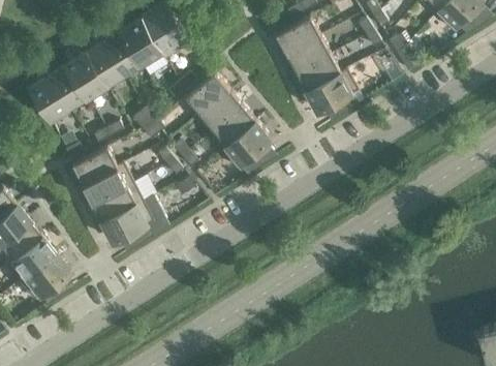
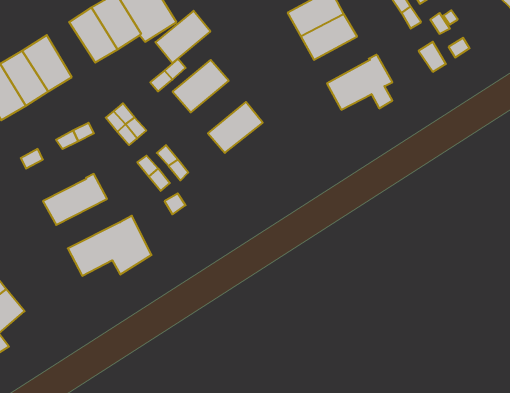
building: [86,43,124,87] -> none
building: [297,55,341,92] -> none
building: [199,90,243,131] -> [155,11,210,63]
building: [220,123,272,175] -> none
building: [73,148,117,185] -> none
building: [93,183,144,222] -> none

